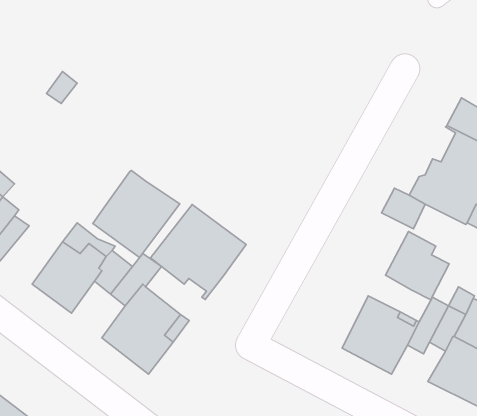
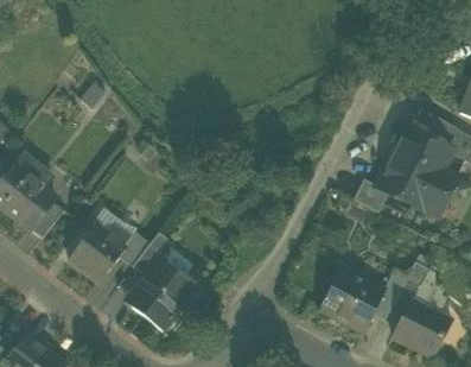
building: [93,171,180,258] -> none
building: [150,204,246,300] -> none
building: [385,232,449,300] -> none

